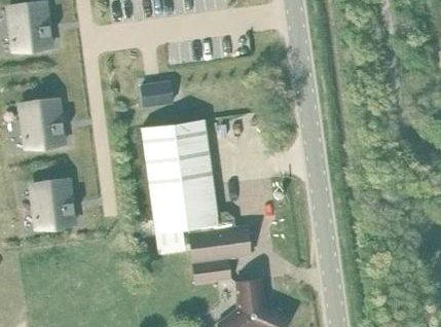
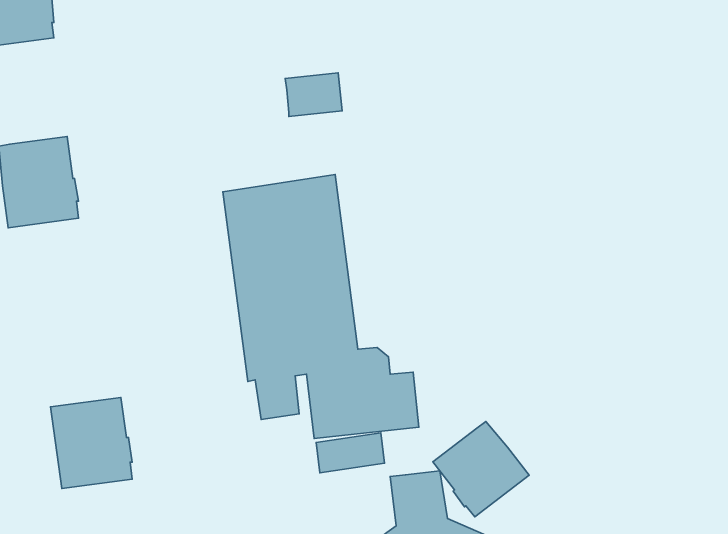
building: [142,82,173,106] -> [285,73,342,116]
building: [31,179,75,228] -> [50,397,132,489]
building: none -> [433,421,529,517]

